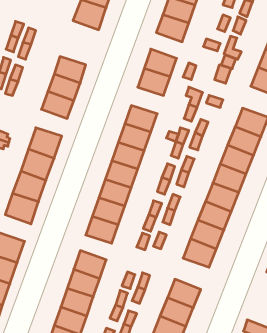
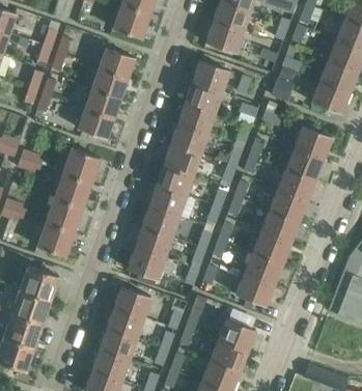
building: none -> [99,48,135,78]
building: none -> [178,103,215,133]

